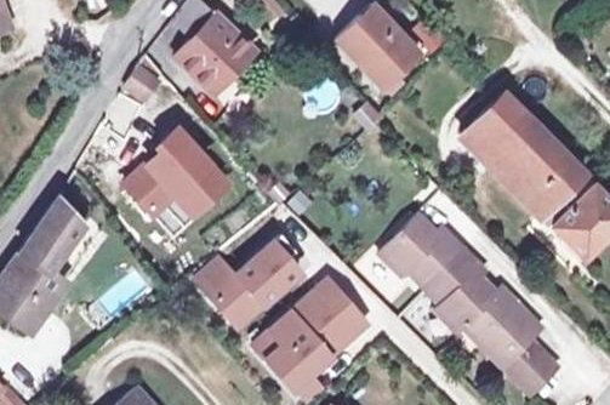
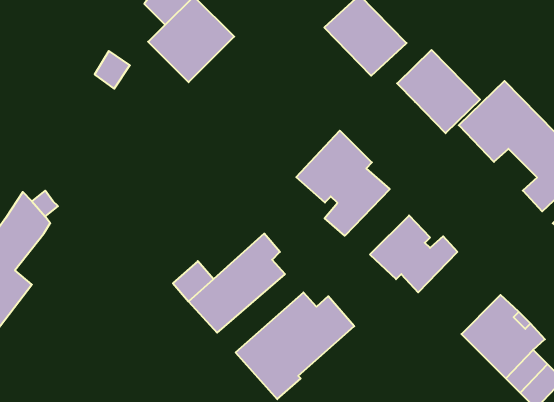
building: none -> [397,50,480,133]
building: [127,132,239,228] -> none
building: none -> [296,131,390,236]
building: [424,250,496,332] -> none

